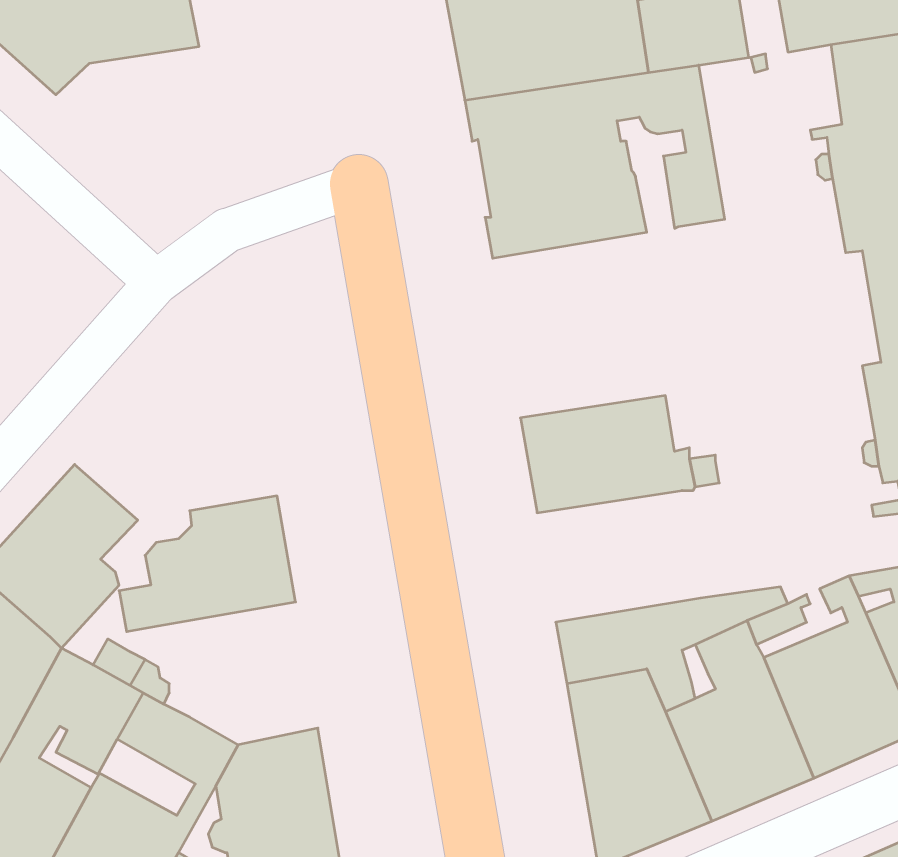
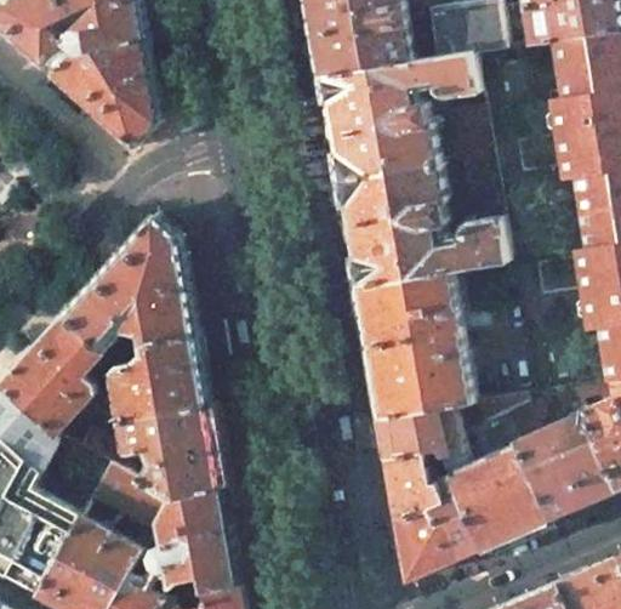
building: none -> [50,44,156,152]
building: none -> [335,156,505,286]
building: none -> [62,217,194,353]
building: none -> [364,334,471,420]
building: none -> [116,406,221,500]

